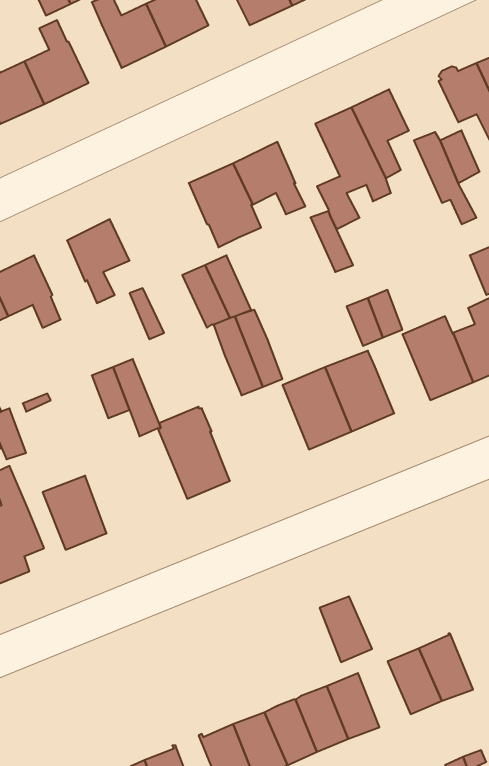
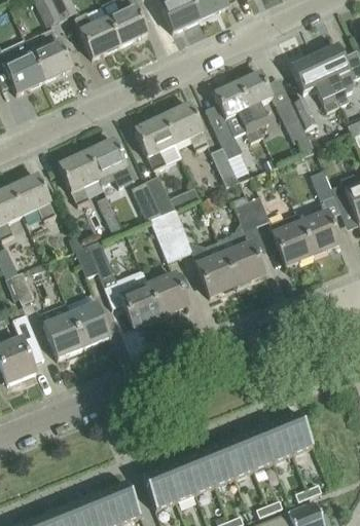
building: none -> [85,141,133,186]
building: none -> [148,275,187,316]
building: none -> [70,303,111,349]
building: [320,596,372,662] -> [241,429,274,471]

